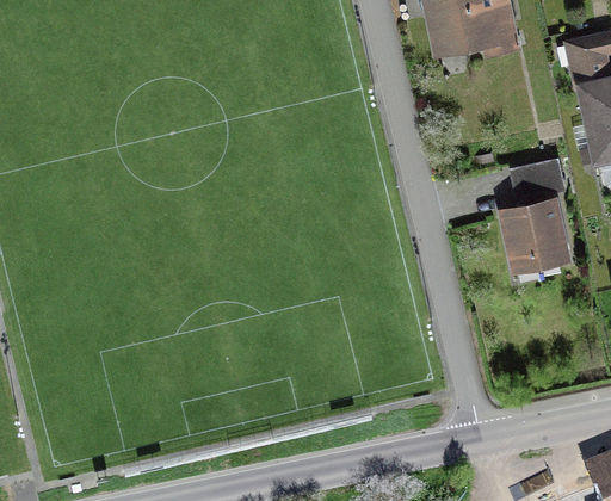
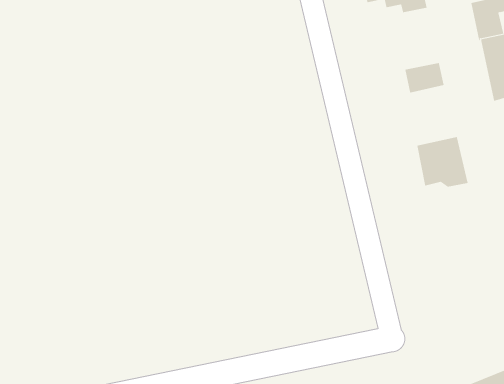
building: [513,161,561,198] -> [405,62,444,93]

